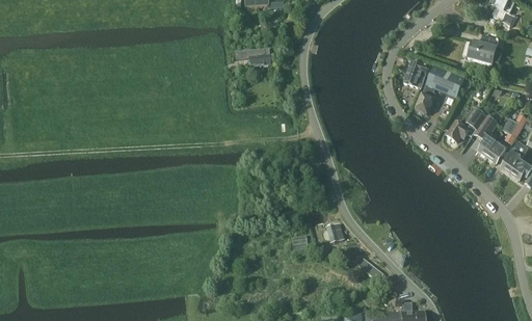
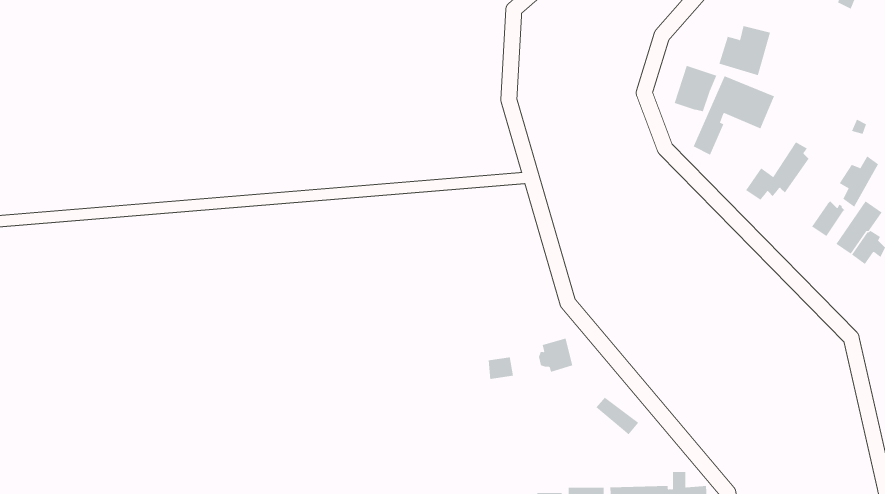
building: [468,34,499,64] -> [719,26,771,76]
building: [235,50,270,66] -> none
building: [475,117,497,157] -> none

